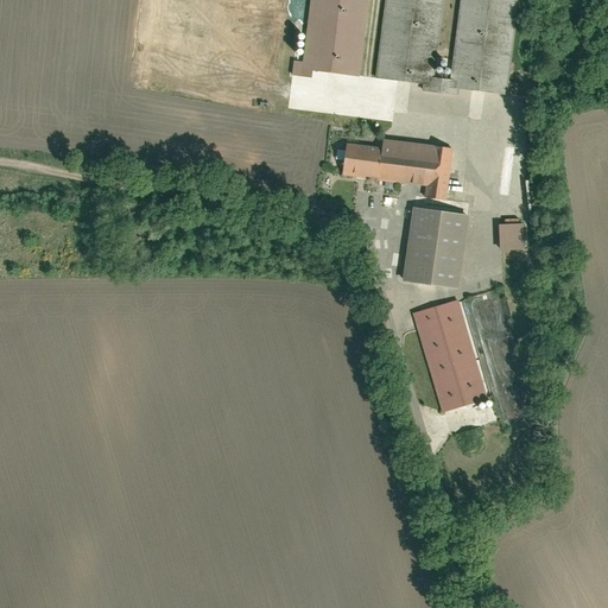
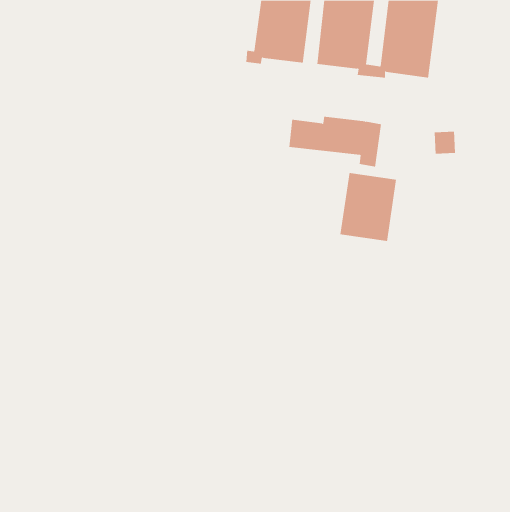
building: [499,222,525,249] -> [434,131,456,154]
building: [413,297,488,410] -> none

